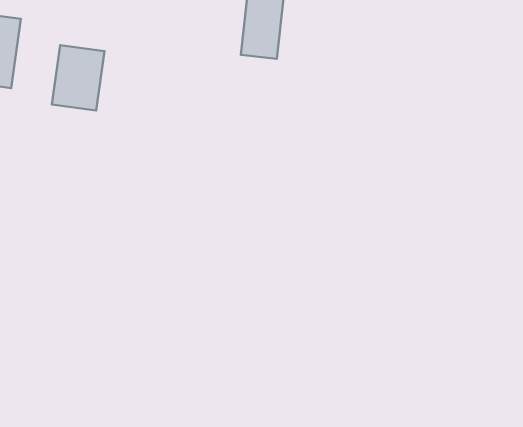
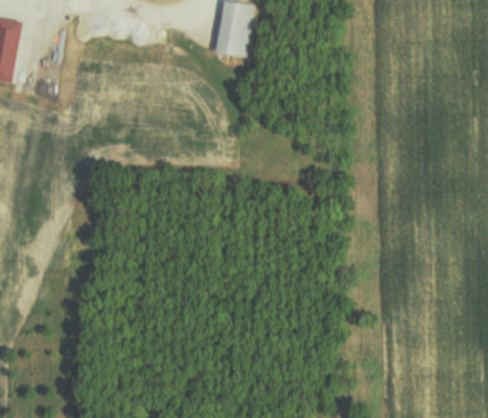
building: [52,45,104,111] -> none

